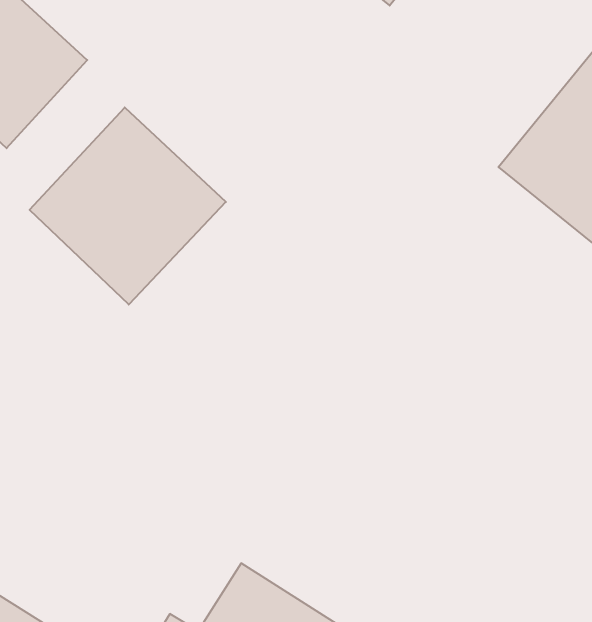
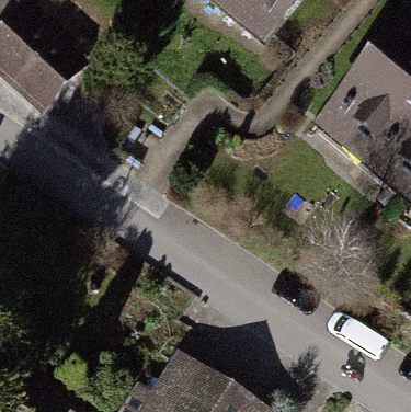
building: [30,107,226,305] -> none

